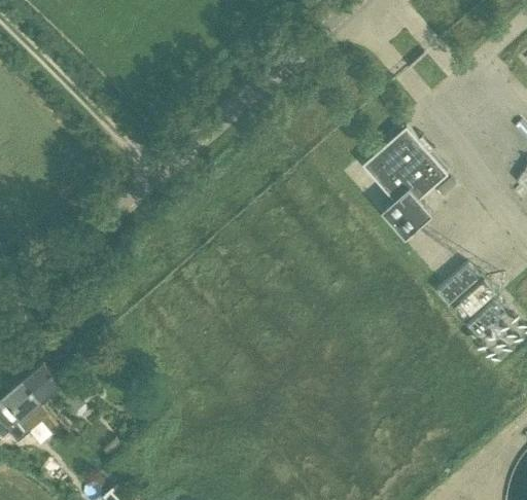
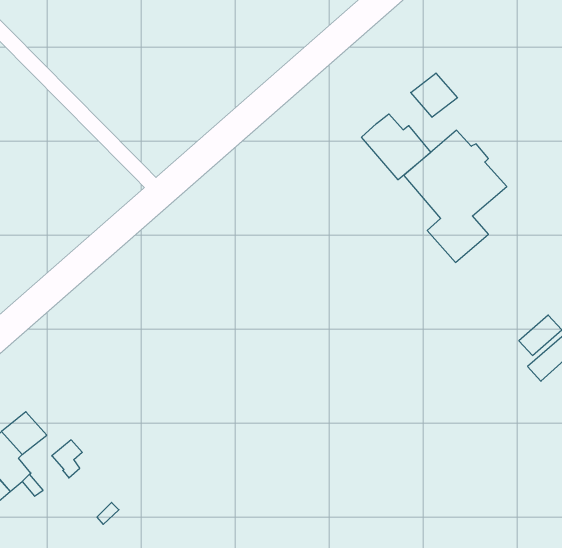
building: none -> [411,73,457,117]
building: none -> [362,114,431,180]
building: [436,264,480,306] -> none

